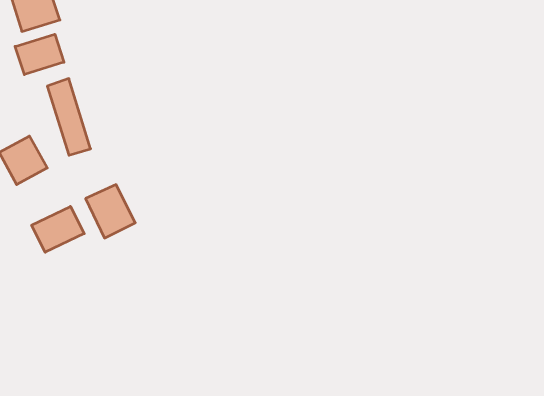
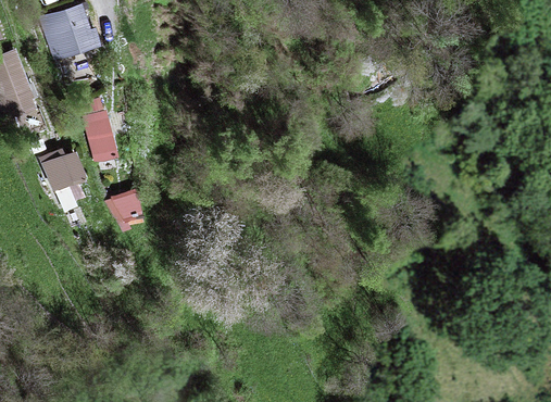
building: [15,34,64,75] -> none
building: [32,206,84,252] -> none

